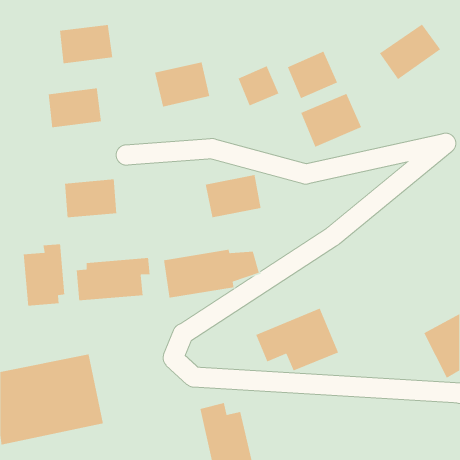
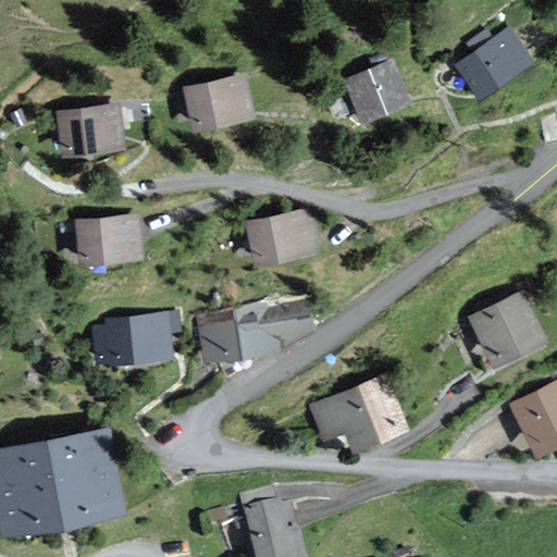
building: [59,24,113,64] -> none
building: [237,65,280,107] -> none
building: [300,93,362,148] -> none
building: none -> [467,289,547,369]
building: [23,244,65,306] -> none

